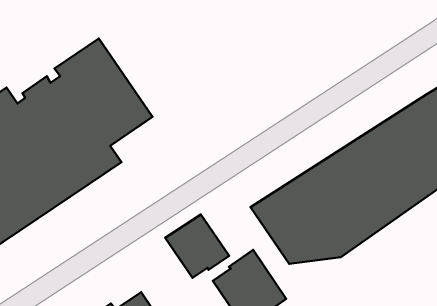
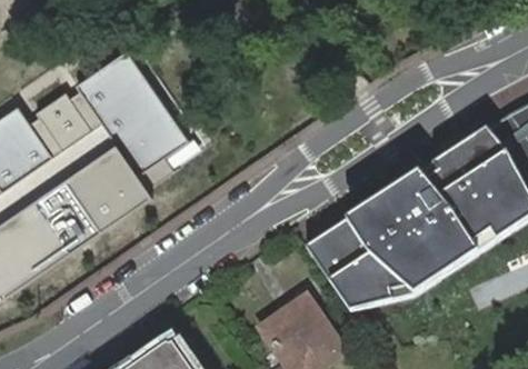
building: [165,214,229,278] -> none

